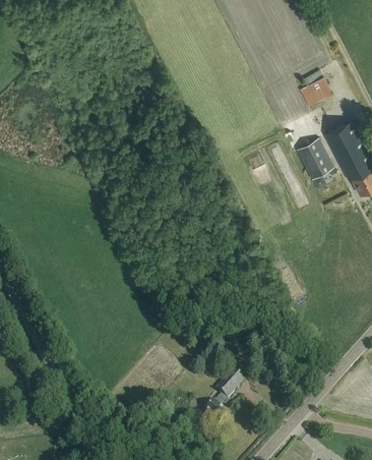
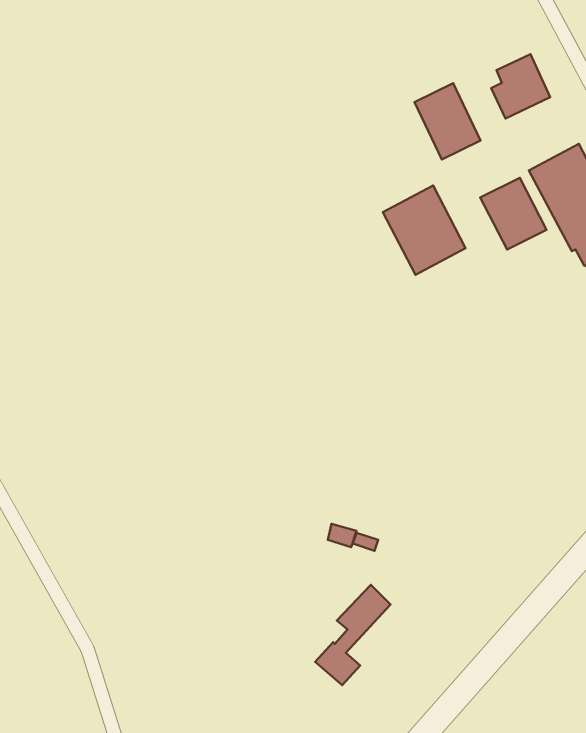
building: none -> [414,83,480,160]
building: none -> [383,185,466,275]

